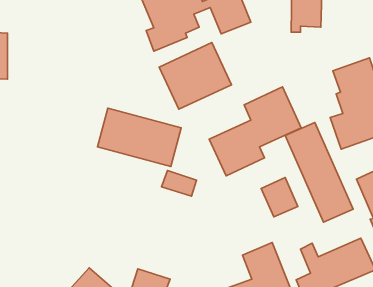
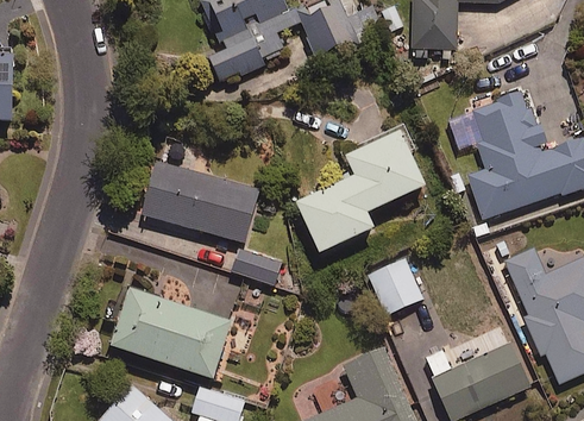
building: [159,43,231,109] -> none
building: [285,122,353,222] -> none
building: none -> [111,290,232,381]

